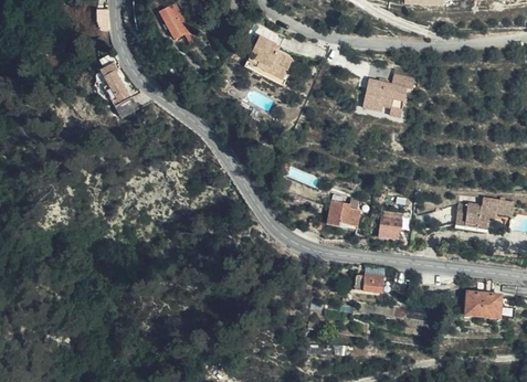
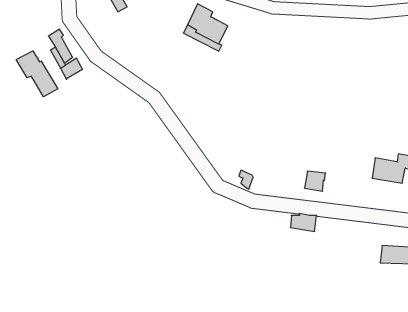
building: [361,76,412,119] -> none
building: none -> [16,51,58,97]
building: [326,198,360,226] -> none

